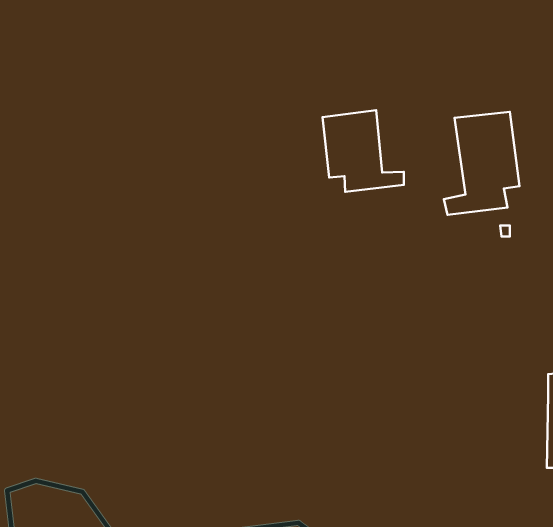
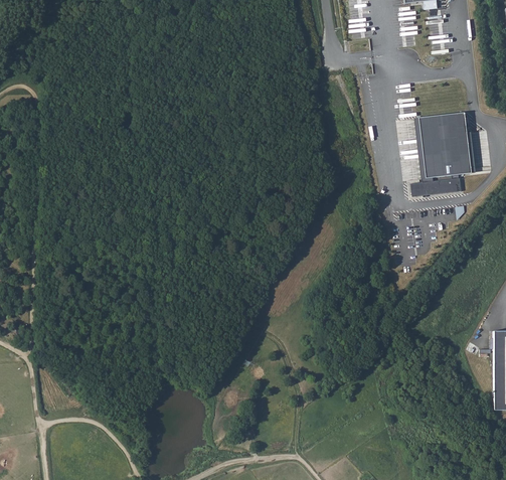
building: [322,110,404,192] -> none

